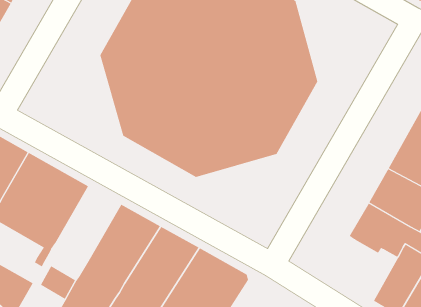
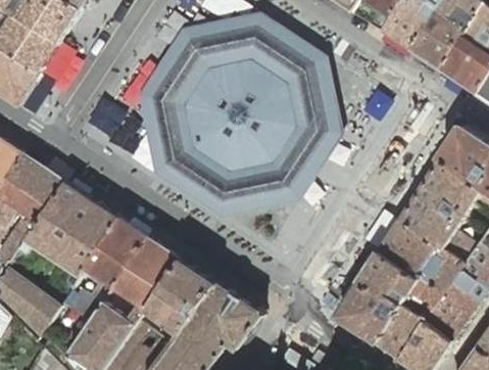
building: none -> [81,217,148,286]
building: none -> [336,280,402,342]

